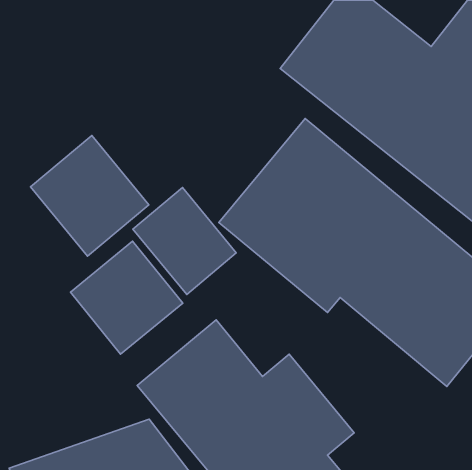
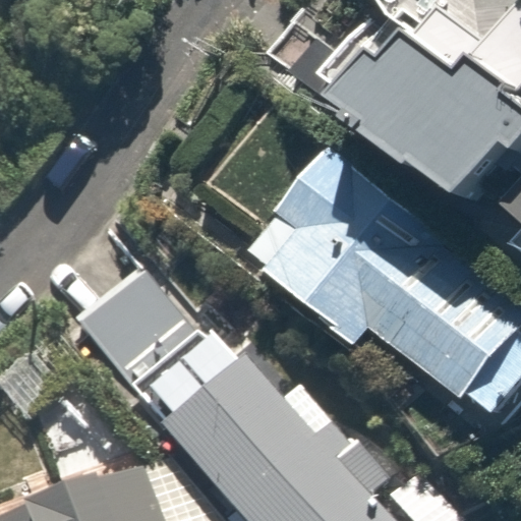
building: [30,135,149,256] -> none
building: [133,187,236,295] -> none

